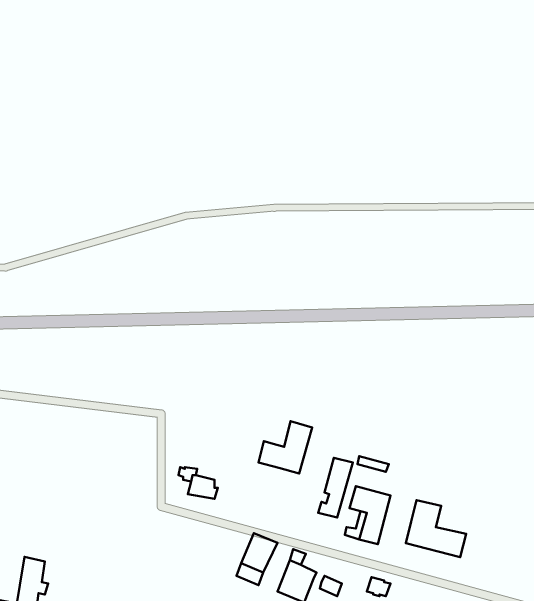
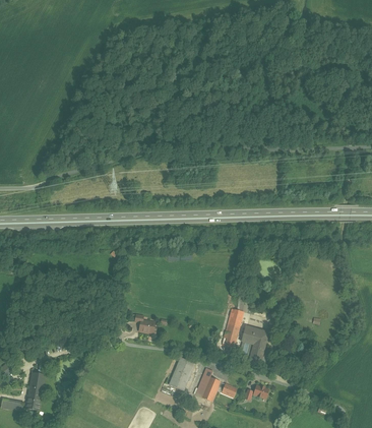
building: [259,421,312,474] -> none
building: [406,500,466,557] -> none

